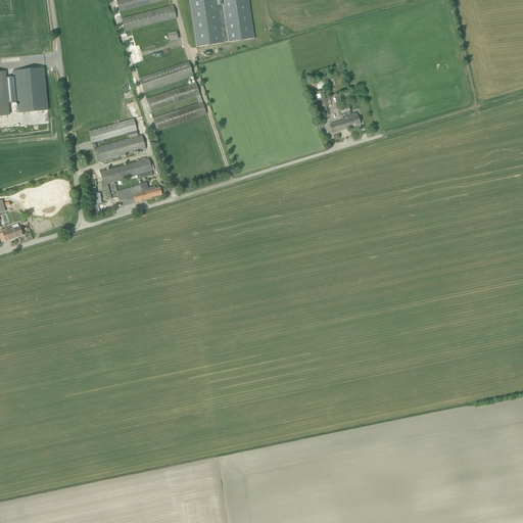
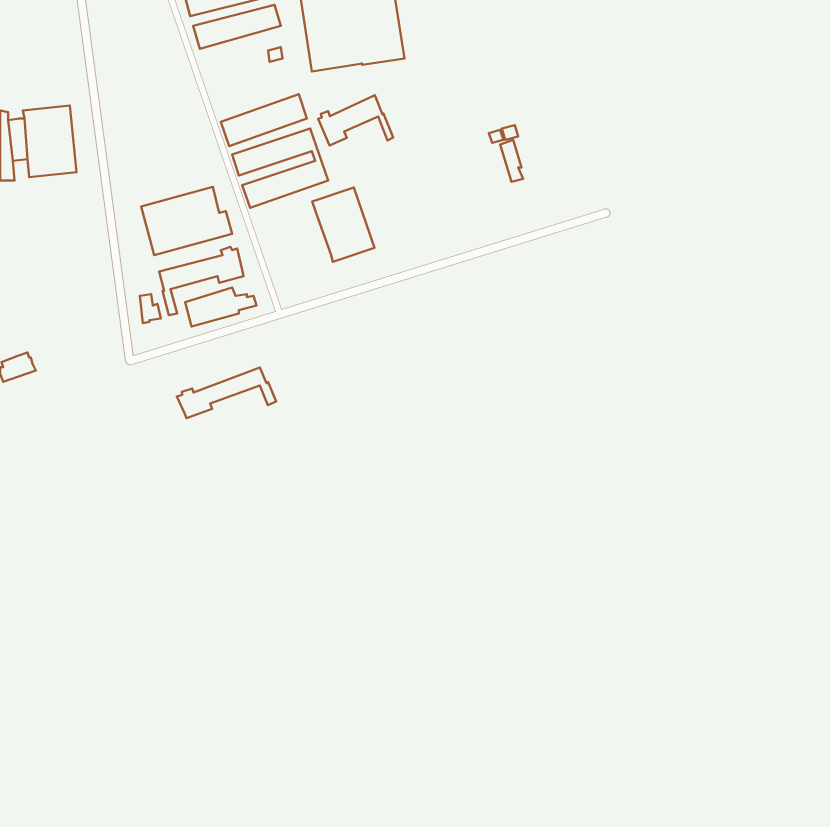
building: none -> [318,95,393,146]
building: [329,104,361,131] -> none
building: none -> [312,188,374,262]
building: none -> [177,368,276,418]

